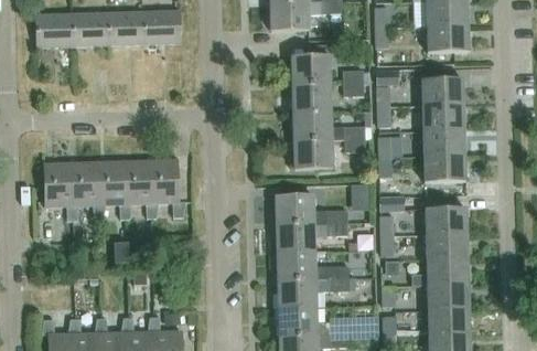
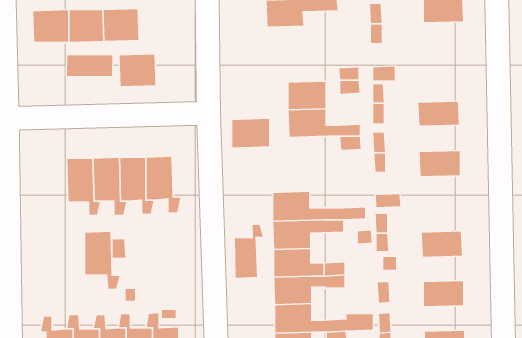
building: [142,10,180,43] -> [119,54,156,87]
building: [428,24,469,51] -> none
building: [291,55,331,85] -> none
building: none -> [66,55,113,77]
building: [421,78,463,105] -> none
building: [423,128,465,155] -> none
building: [293,139,332,169] -> [231,118,270,148]
building: [44,161,80,220] -> [85,231,121,289]
building: [426,209,466,235] -> none
building: none -> [234,224,264,278]
building: [412,259,469,285] -> none
building: [428,309,470,334] -> none

